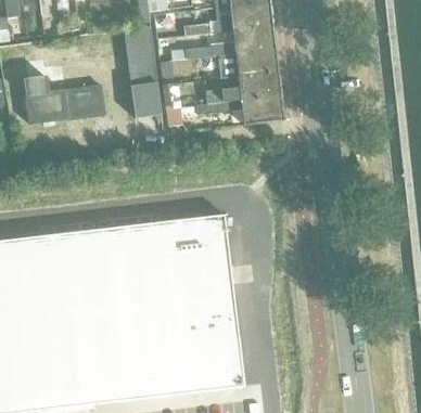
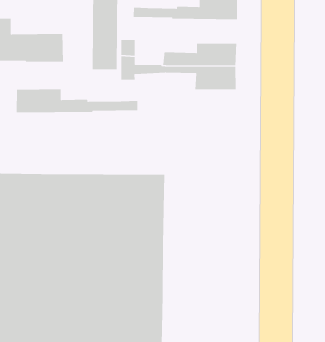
building: [217,49,278,78] -> none
building: none -> [16,88,138,113]

